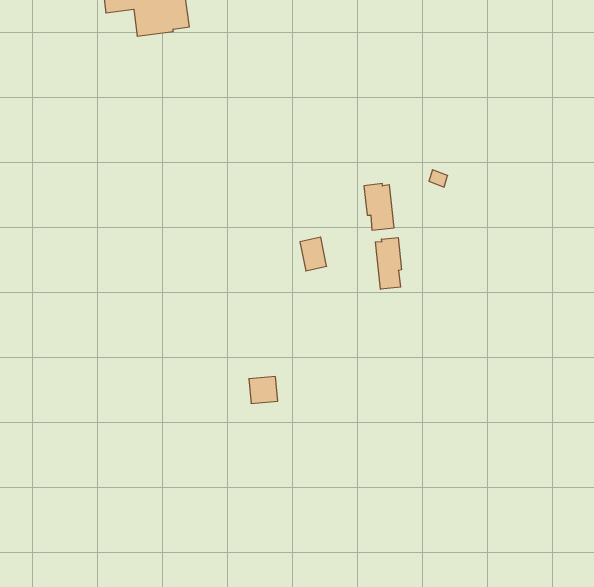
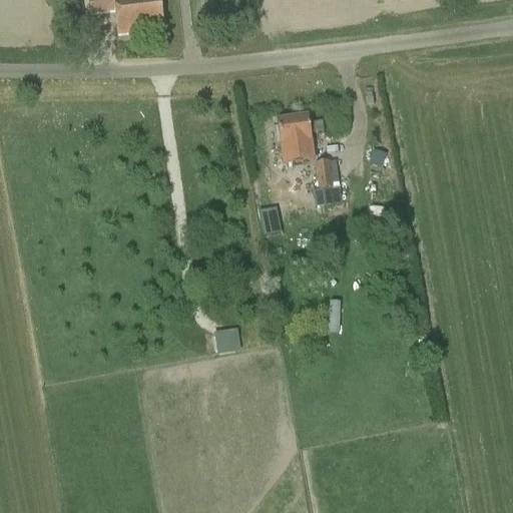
building: none -> [278,113,314,161]
building: [375,238,401,289] -> none

